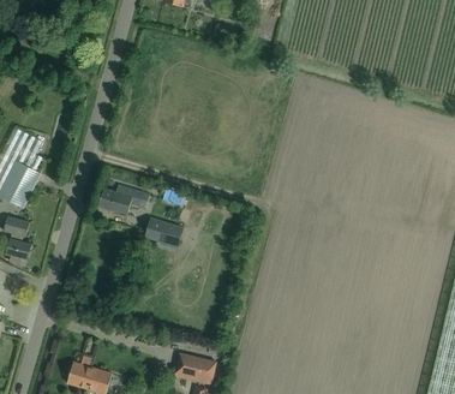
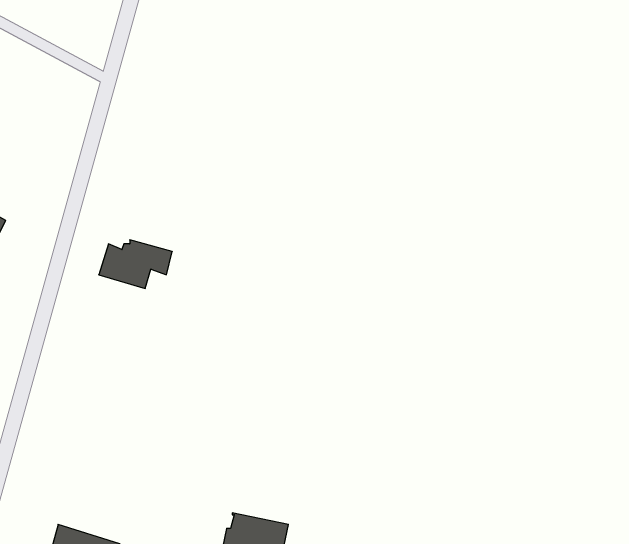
building: [145,219,184,246] -> none

